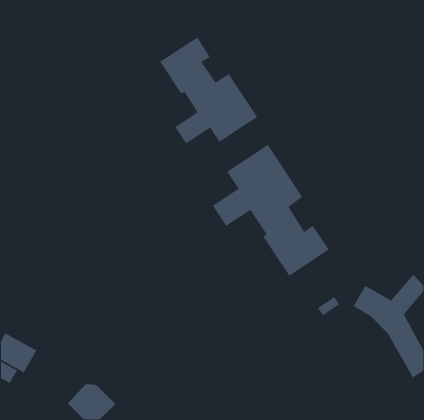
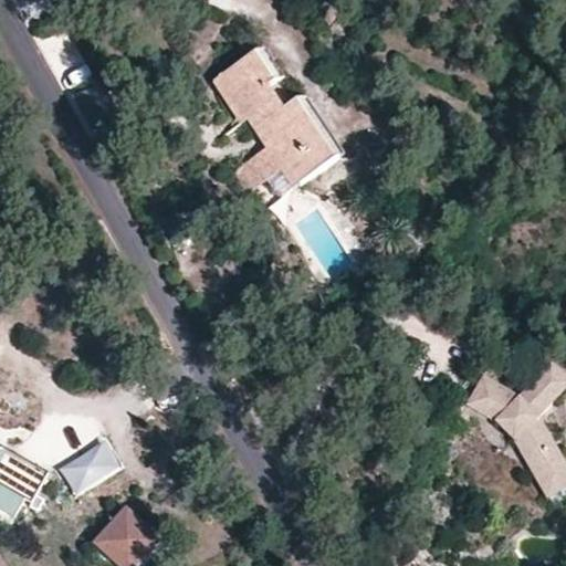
building: [212,144,330,277] -> none
building: none -> [59,436,120,490]

